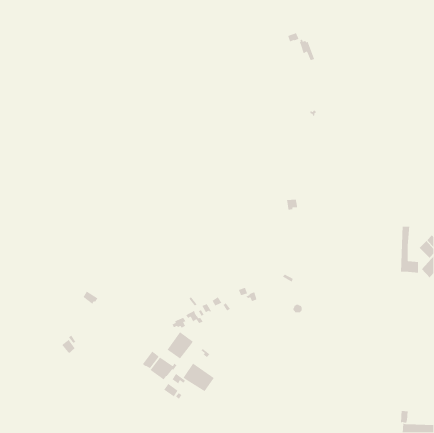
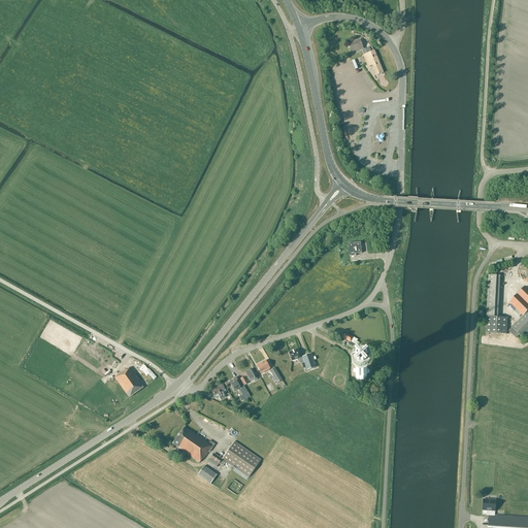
building: none -> [114,366,143,396]
building: [167,331,194,359] -> none

